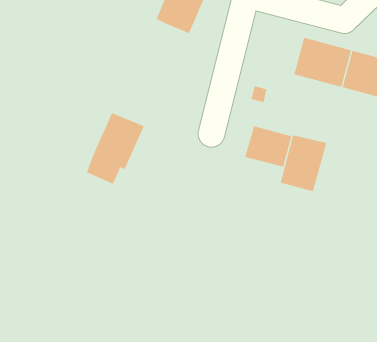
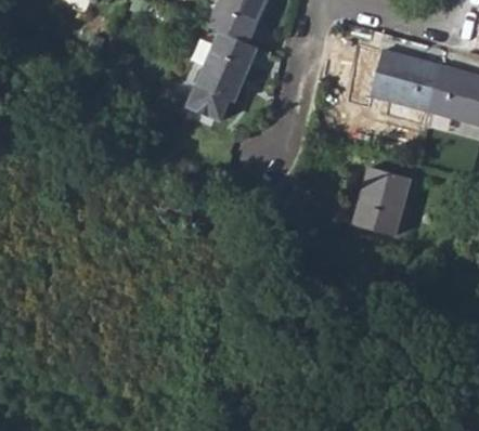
building: [86,112,144,184] -> [187,35,257,120]
building: [244,125,292,168] -> none

